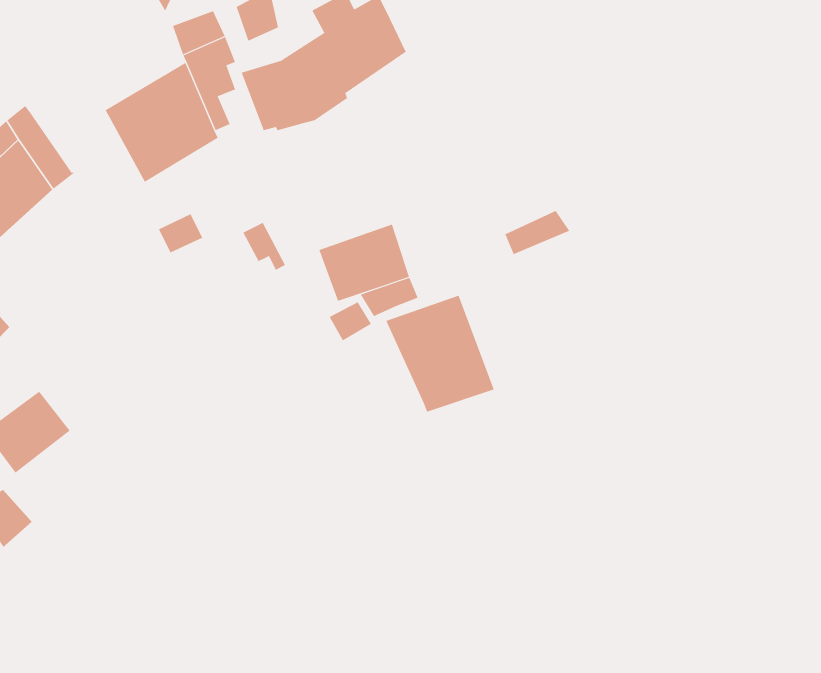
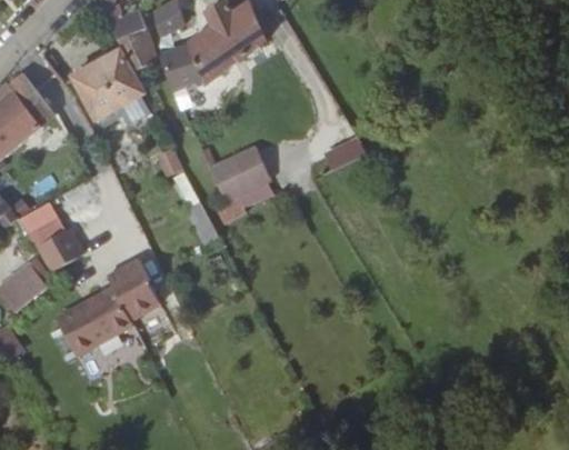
building: [385,295,495,413] -> none
building: none -> [19,197,81,269]
building: none -> [57,256,158,352]

